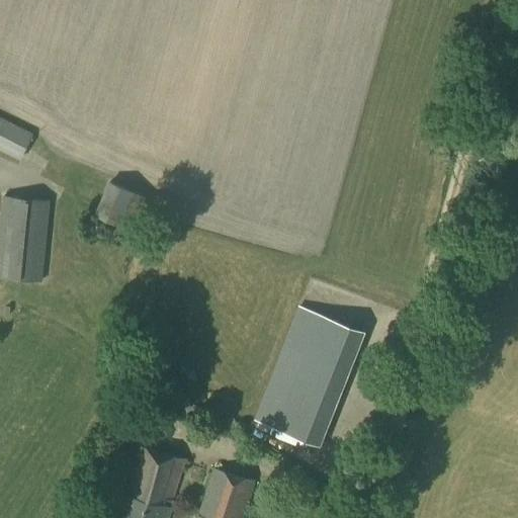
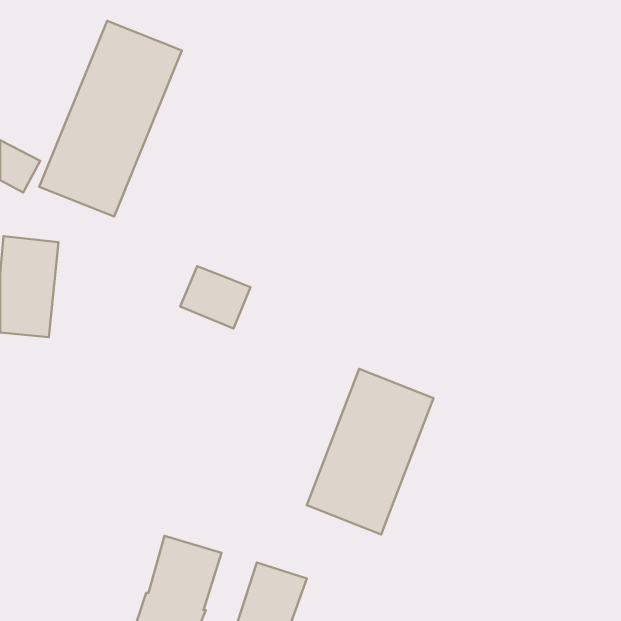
building: none -> [39,21,182,216]
building: [94,183,153,235] -> [180,266,251,328]

